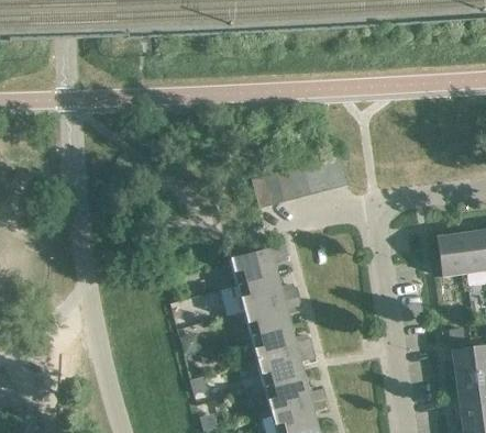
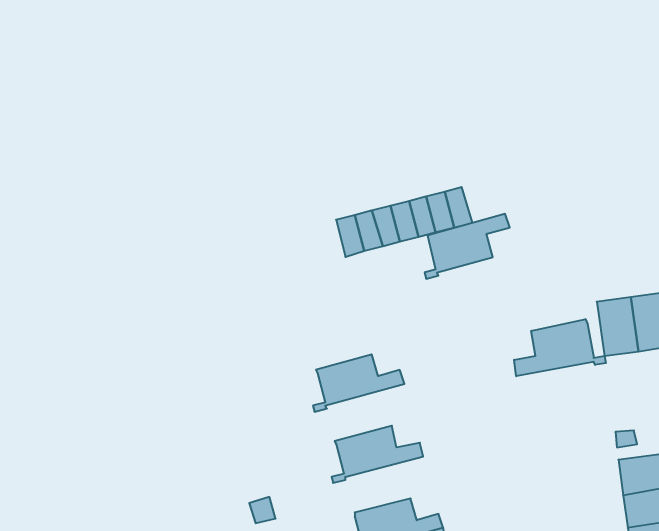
building: [228,245,288,291] -> [425,214,510,279]
building: none -> [514,319,606,376]
building: [241,297,301,342] -> none
building: [254,348,316,393] -> none

